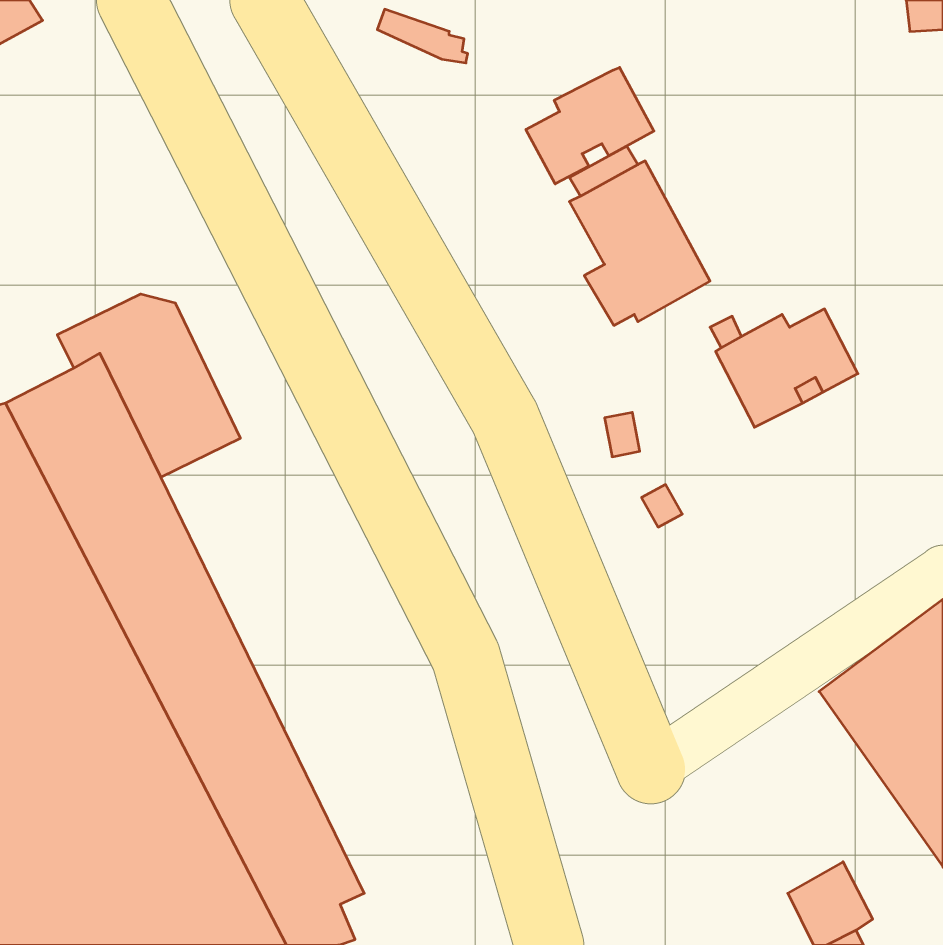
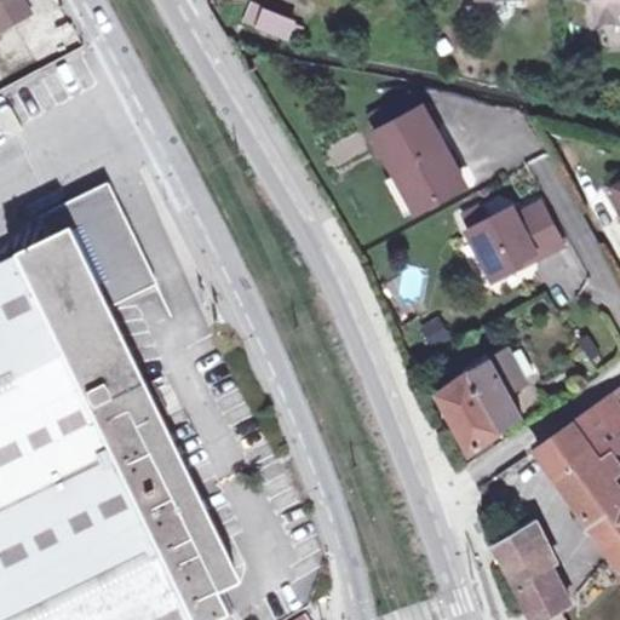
building: [526,67,654,184] -> none
building: none -> [437,350,526,450]
building: none -> [495,527,552,585]

